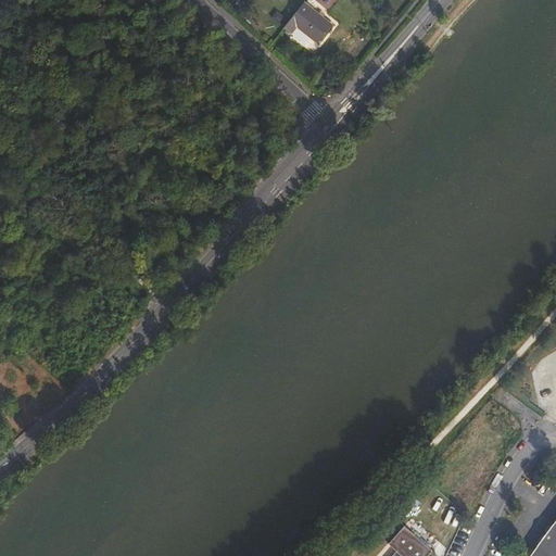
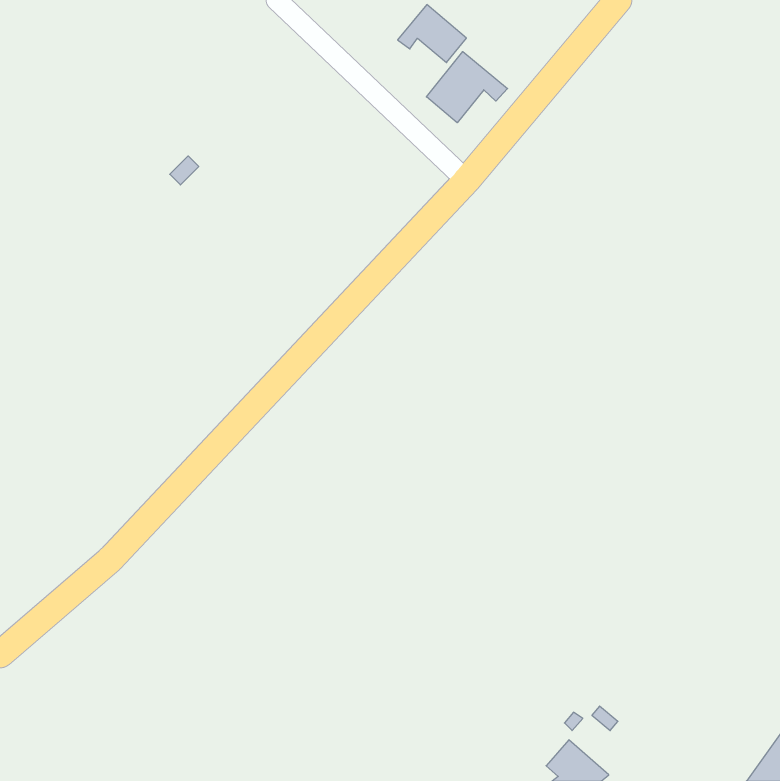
building: none -> [426,52,508,123]

